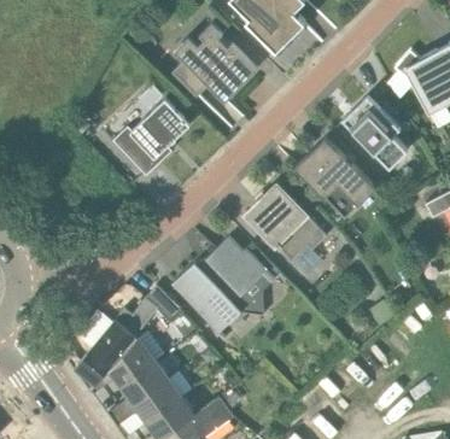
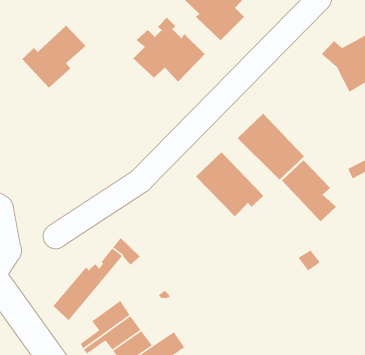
building: [343,94,409,169] -> [281,159,337,222]
building: [113,99,191,175] -> [22,25,86,89]
building: [173,236,275,333] -> none
building: [92,335,157,393] -> none

